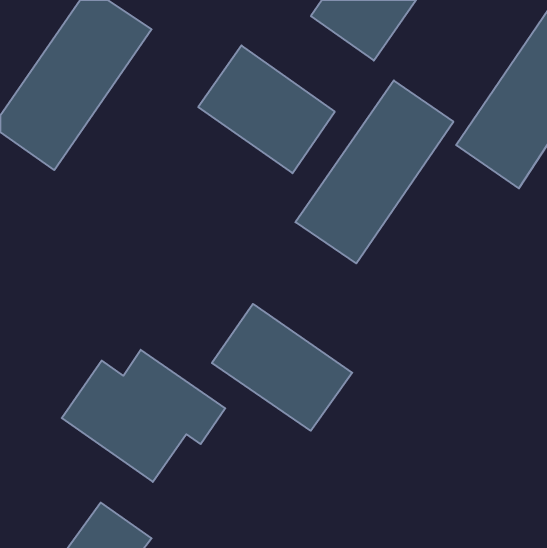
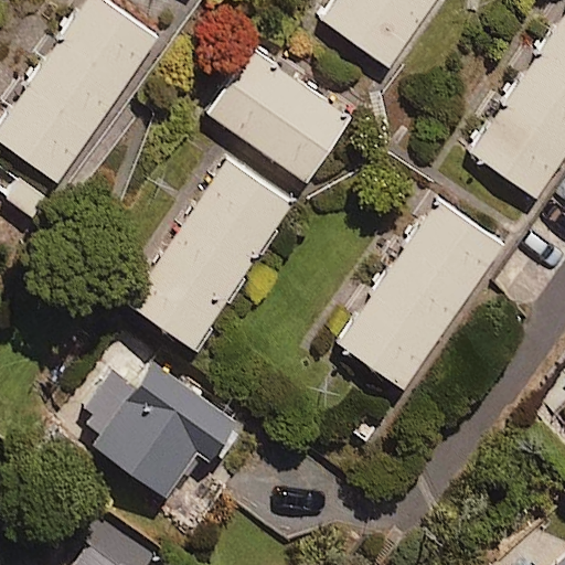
building: [295,80,453,263] -> [340,201,501,387]
building: none -> [125,157,291,349]
building: [212,304,352,431] -> none

